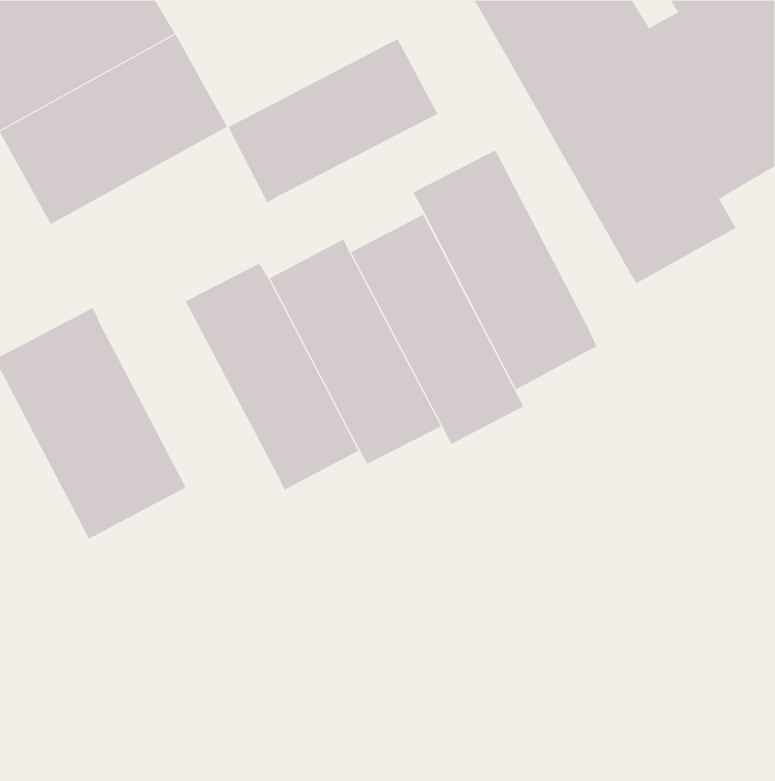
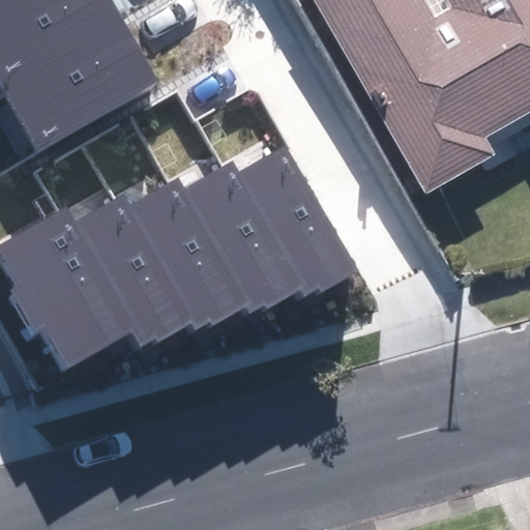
building: [228,39,438,204] -> none
building: [413,149,597,390] -> none
building: none -> [69,195,187,349]

